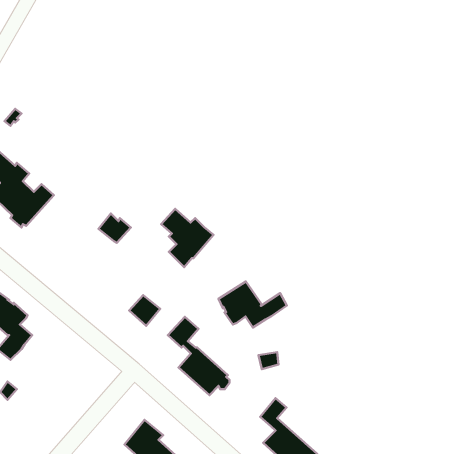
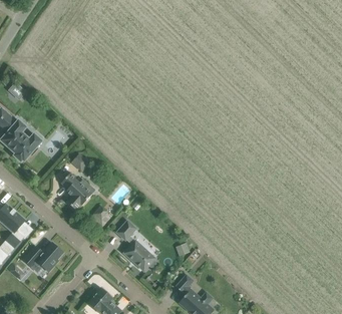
building: [161,209,214,267] -> [61,173,95,211]
building: [218,281,287,327] -> none
building: none -> [24,244,63,272]

